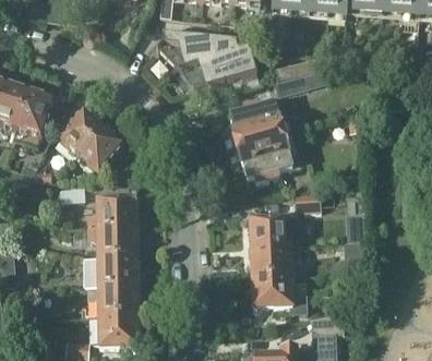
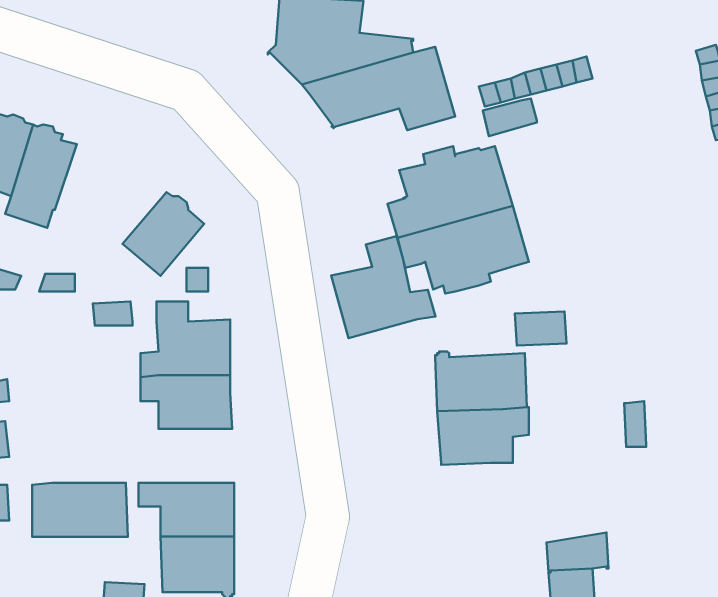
building: [58,110,101,155] -> none
building: none -> [331,236,435,338]
building: [86,256,139,286] -> [32,483,128,537]
building: [252,275,305,315] -> none

